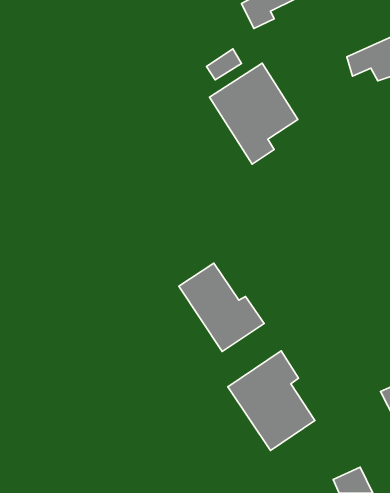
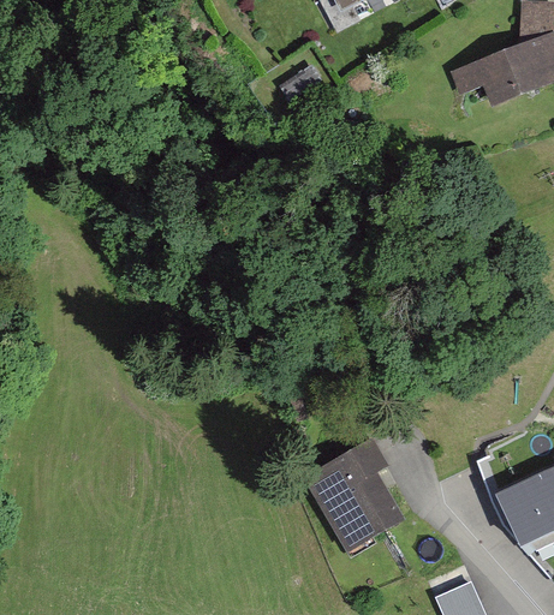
building: [210,63,298,164] -> none
building: [179,263,264,351] -> none

